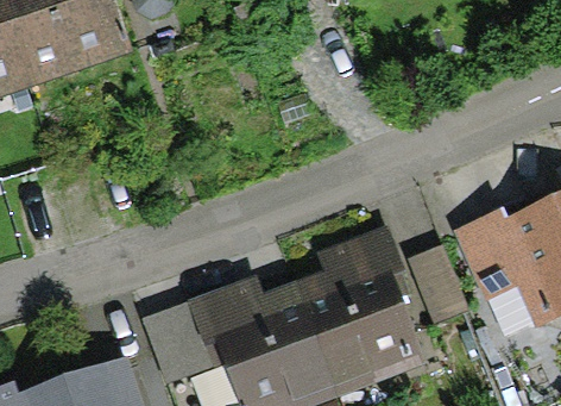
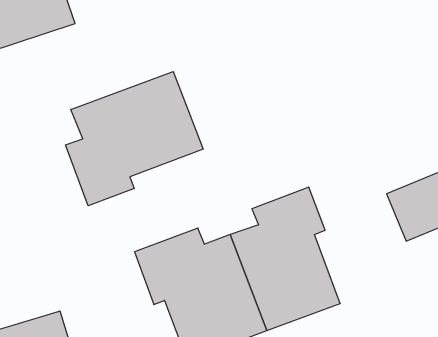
building: none -> [65,72,203,206]

